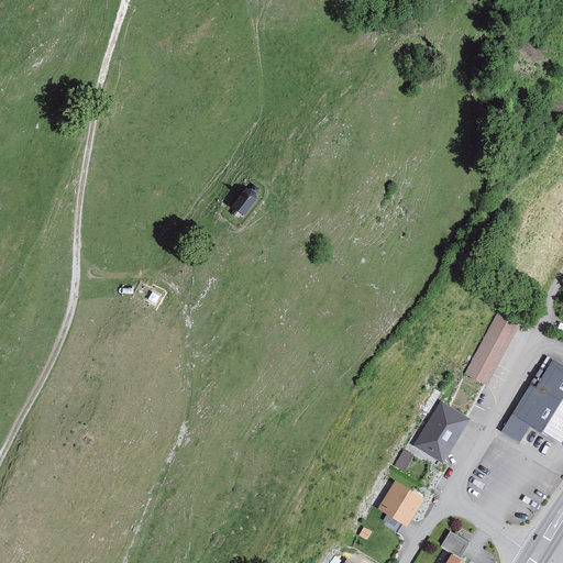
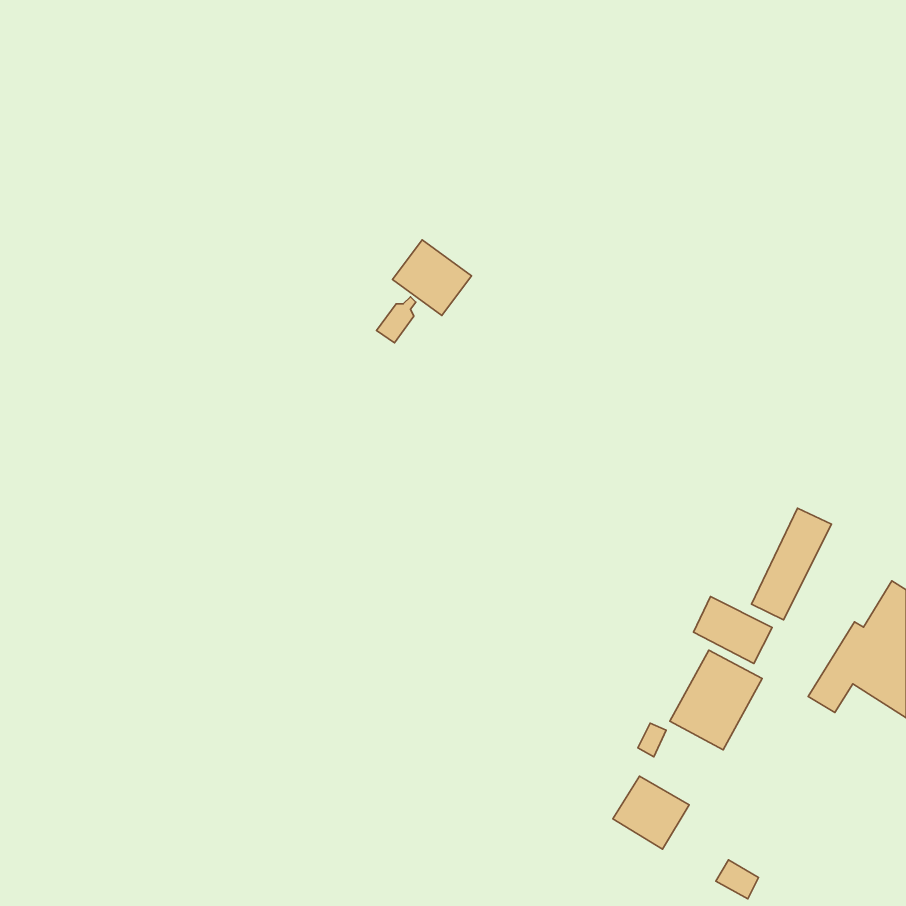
building: none -> [392,240,472,316]
building: none -> [694,597,772,663]

